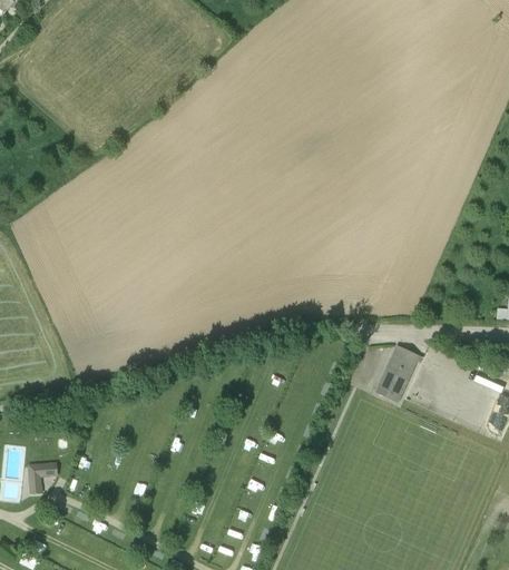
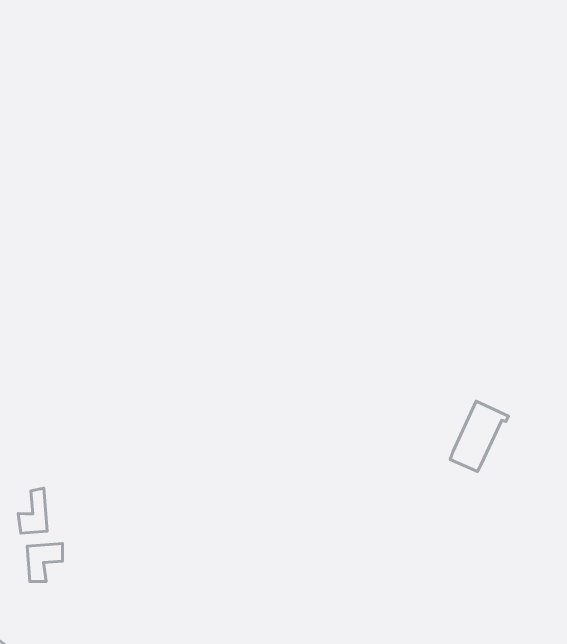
building: none -> [18,488,47,533]

